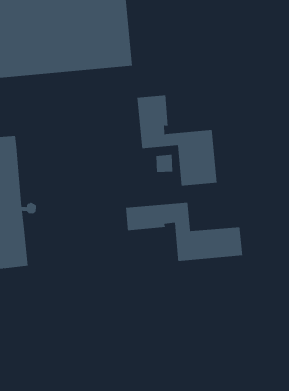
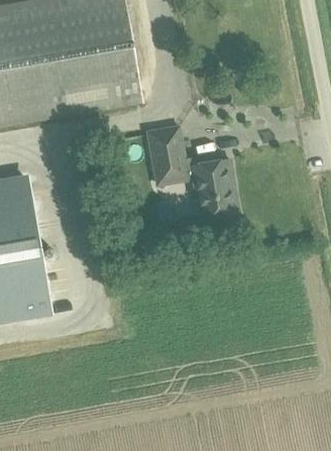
building: [125,202,243,262] -> none

